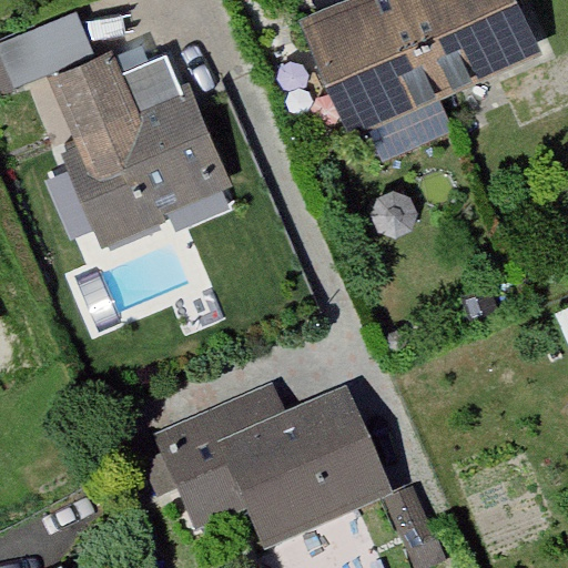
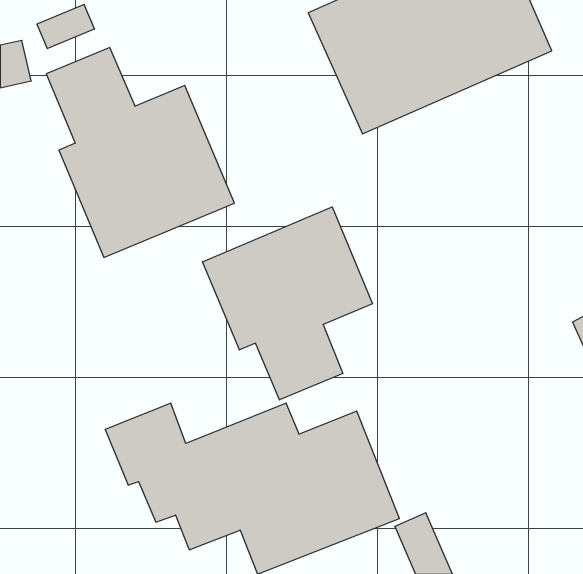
building: none -> [202,207,373,400]

